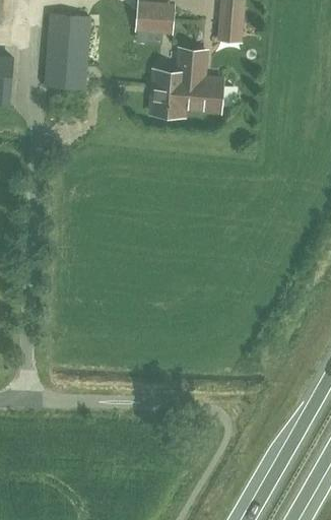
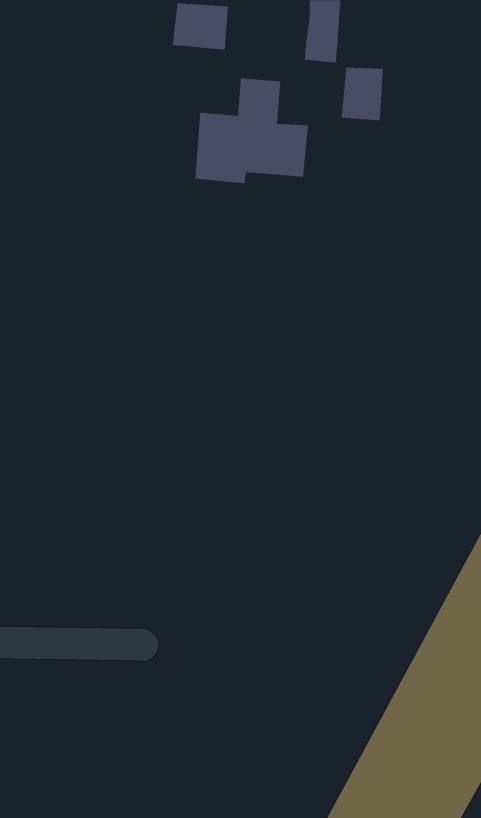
building: [45,14,89,89] -> none
building: none -> [341,67,384,121]

